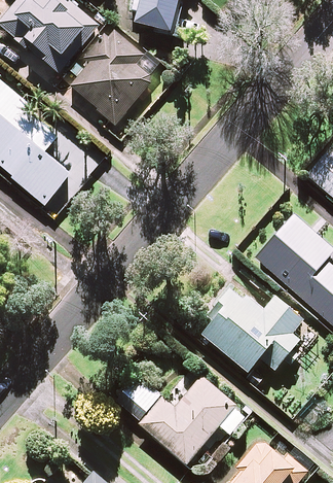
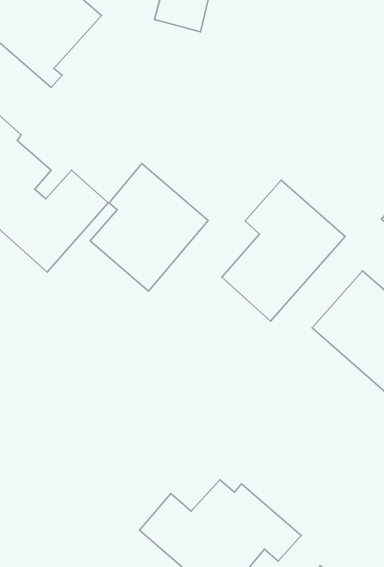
building: [71,28,160,125] -> [90,164,208,291]
building: none -> [222,180,345,321]
building: [202,289,302,373] -> none

